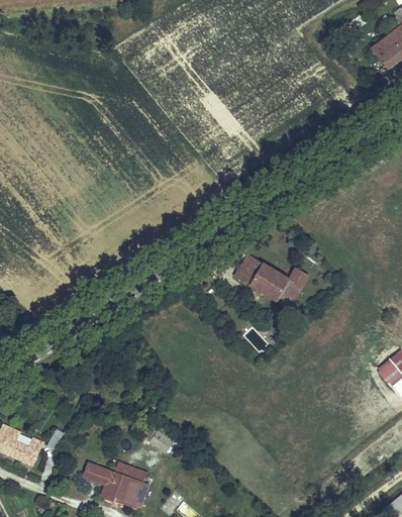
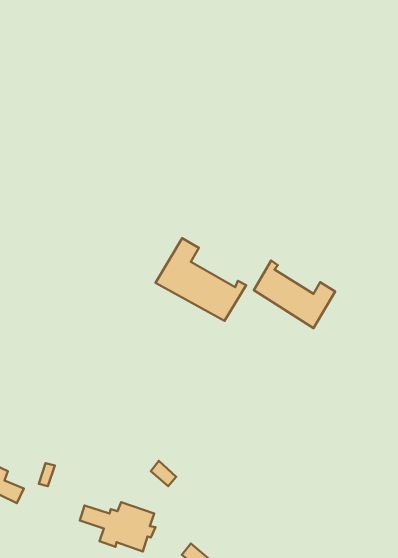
building: none -> [156,238,246,321]

